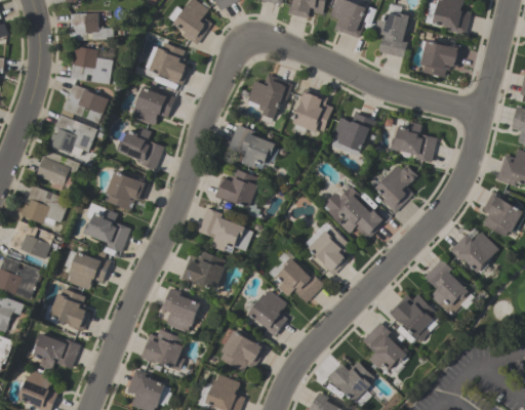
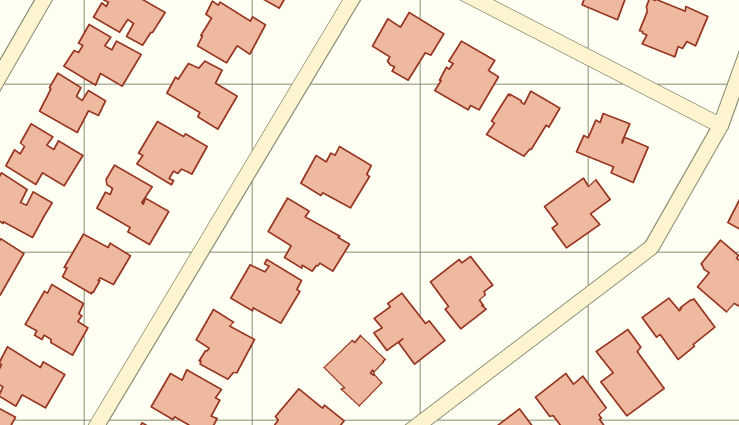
building: [228,125,275,168] -> none
building: [323,187,386,240] -> none

